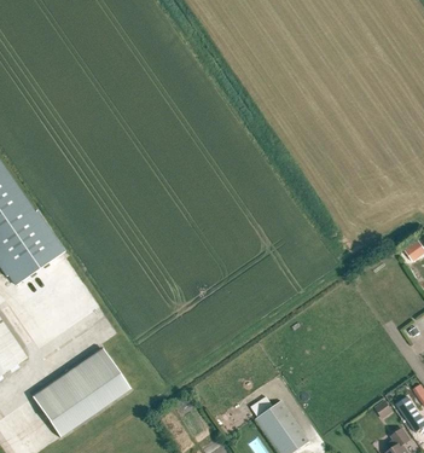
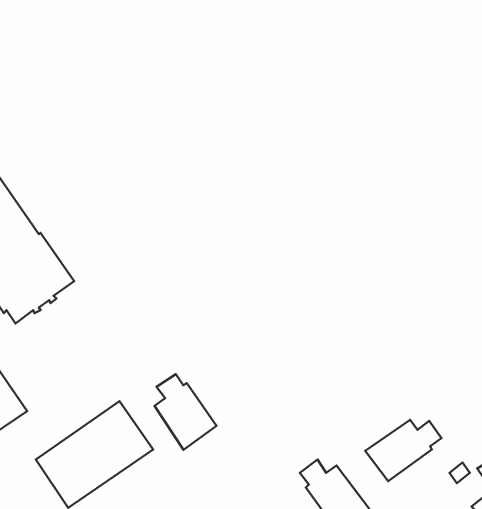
building: none -> [154,374,216,450]
building: none -> [365,420,441,481]

